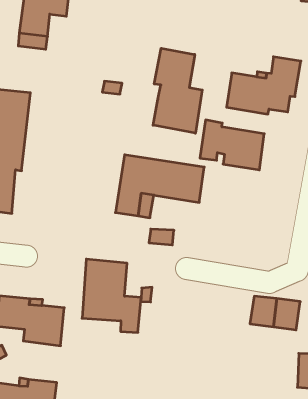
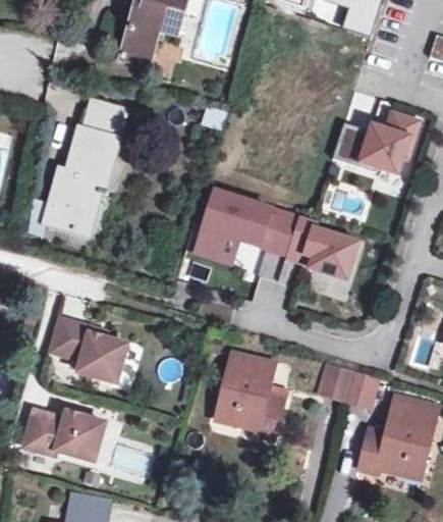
building: [153,48,202,133] -> none
building: [200,120,264,170] -> [286,217,358,279]
building: [82,259,141,332] -> [218,352,284,438]

